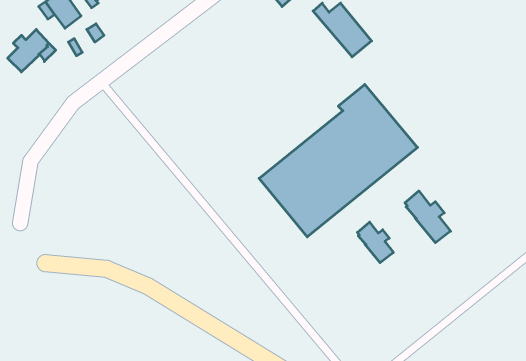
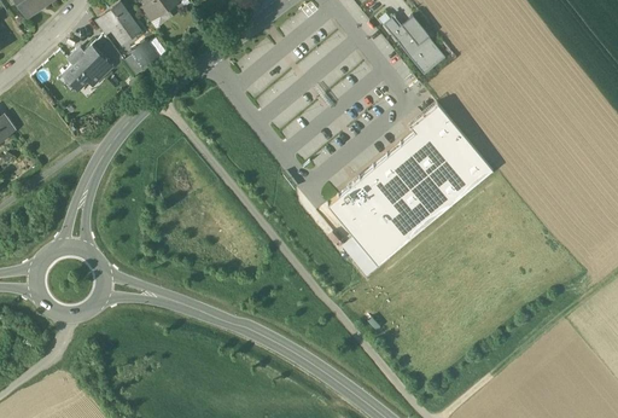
building: [405,191,451,243] -> none
building: [357,222,393,263] -> none

